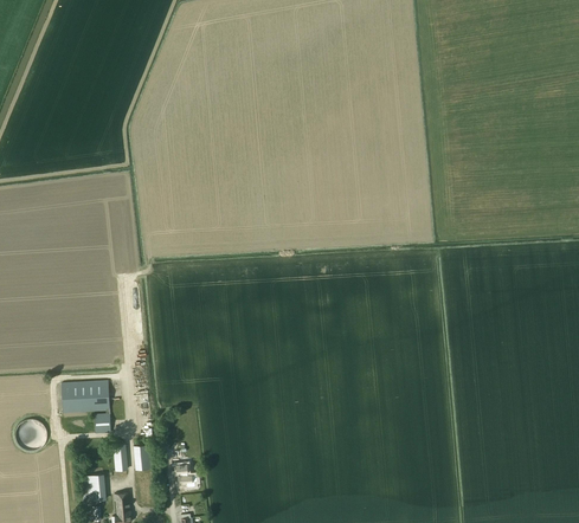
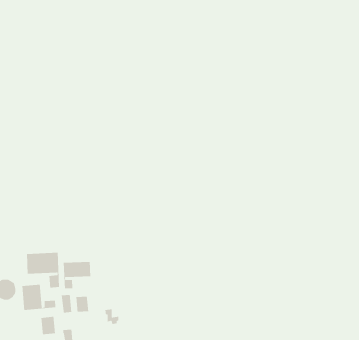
building: none -> [63,261,91,289]
building: none -> [21,284,56,311]

